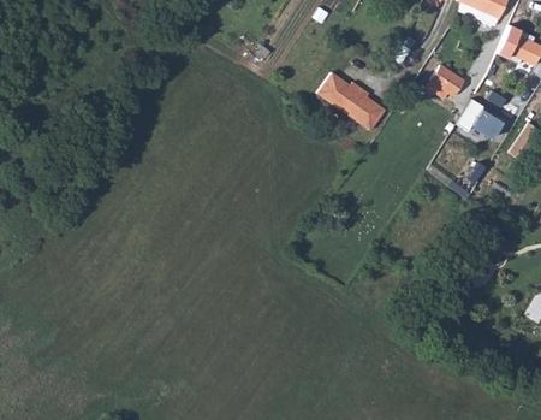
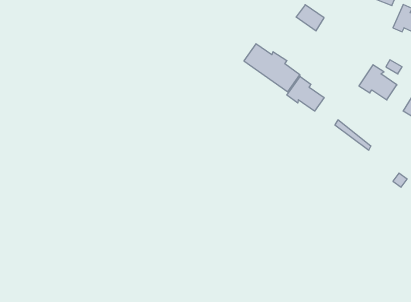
building: [430,65,464,96] -> [296,5,324,31]
building: none -> [287,76,324,111]

